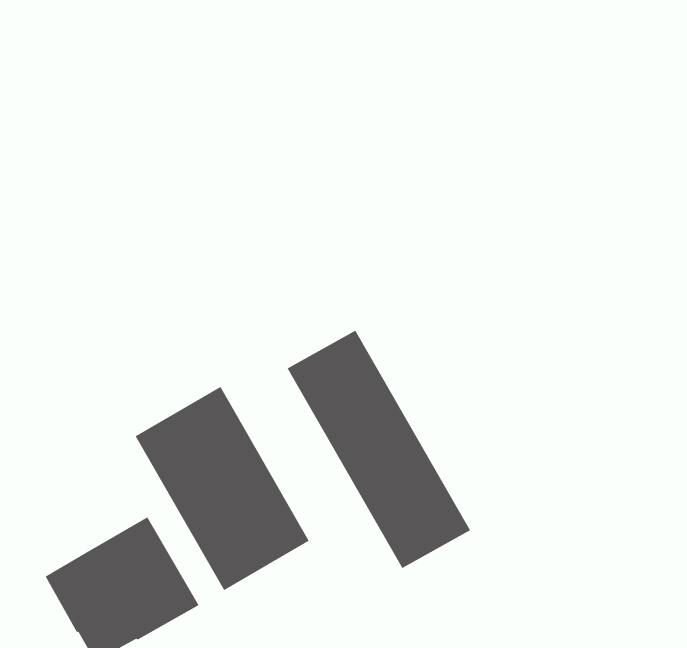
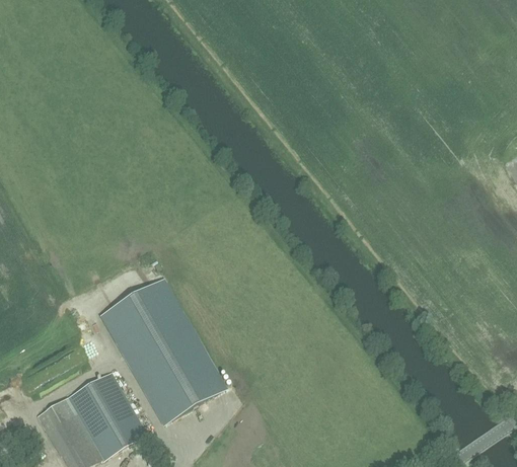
building: [287,330,471,569] -> none

